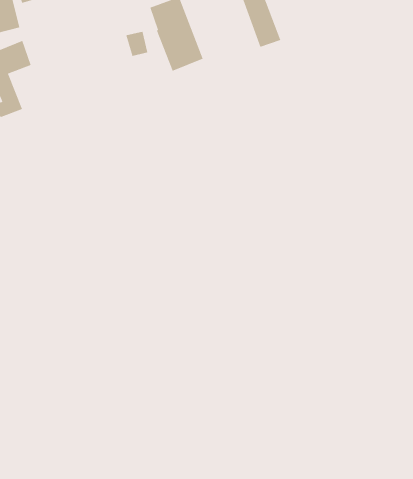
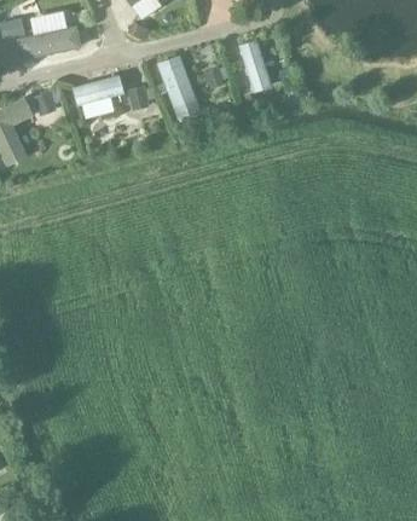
building: none -> [74,79,122,106]

